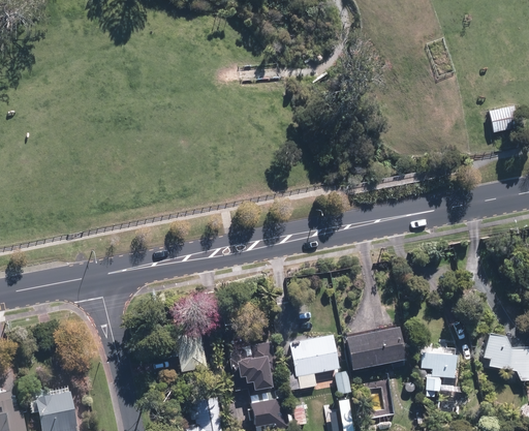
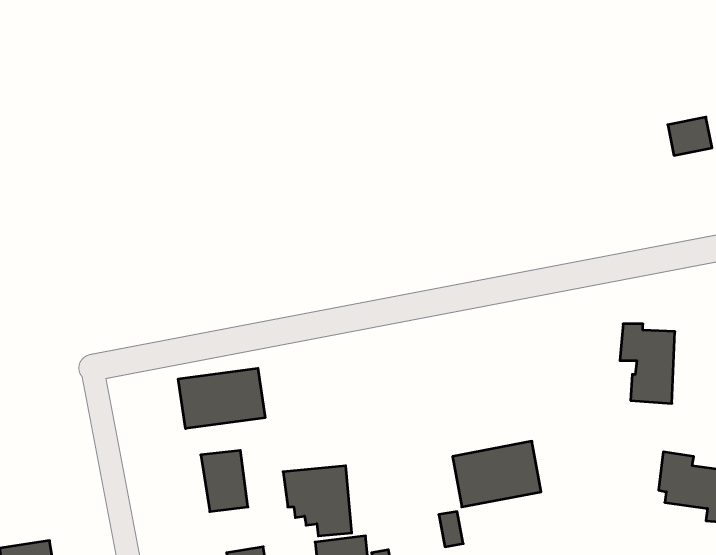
building: none -> [178,368,265,429]
building: [289,334,339,389] -> none
building: [418,343,456,397] -> [620,324,675,403]

